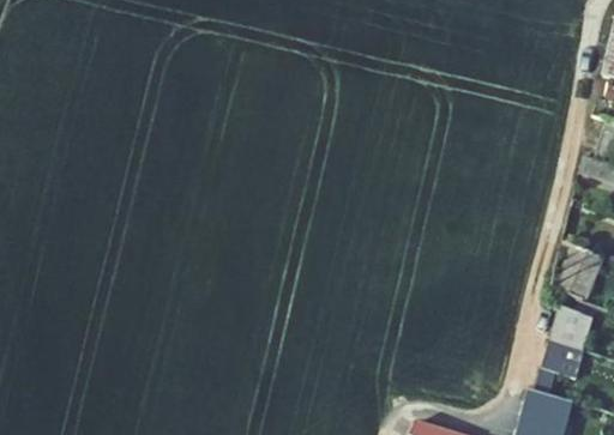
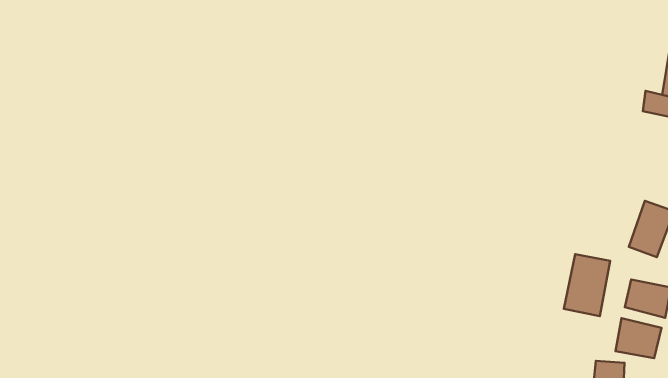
building: none -> [564,254,610,316]

